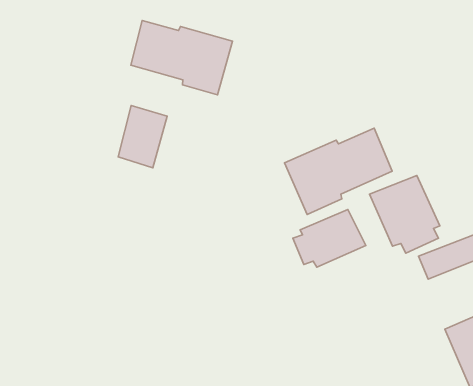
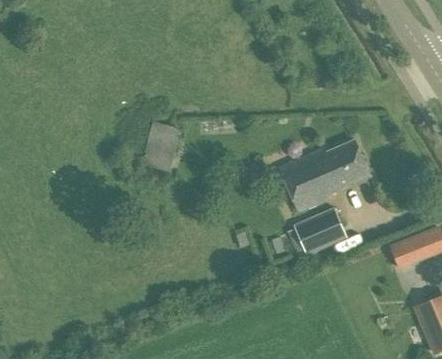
building: [131,21,233,95] -> none
building: [370,176,440,253] -> none

